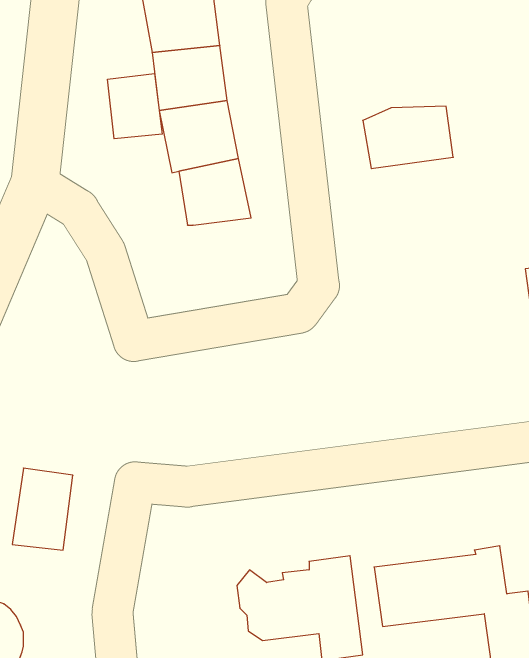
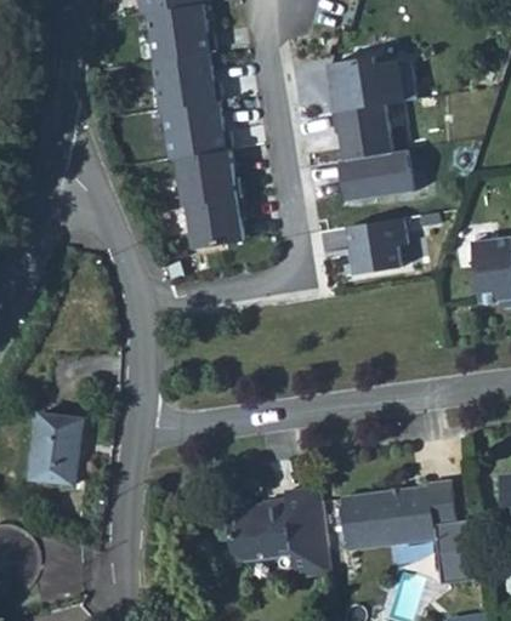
building: none -> [324,55,403,107]
building: [108,74,162,139] -> none
building: none -> [339,149,413,199]
building: none -> [186,198,243,246]
building: none -> [343,218,407,274]

